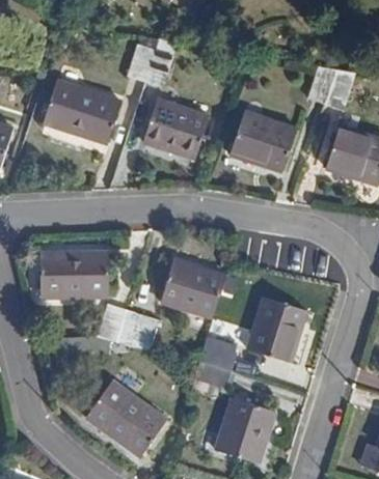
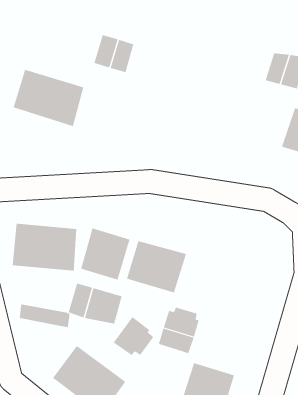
building: [142,100,208,160] -> none
building: [233,111,298,169] -> none
building: none -> [81,227,130,280]
building: [248,297,309,362] -> none
building: none -> [113,316,154,356]

